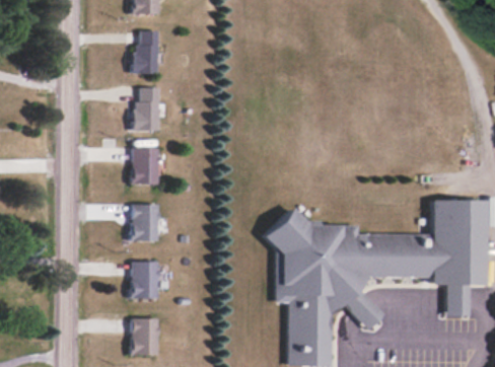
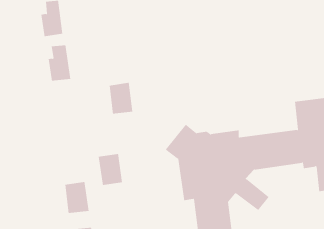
building: [132,148,159,186] -> [109,82,133,114]
building: [132,205,158,241] -> [98,154,123,185]

